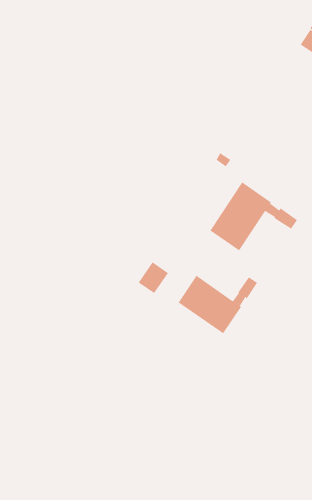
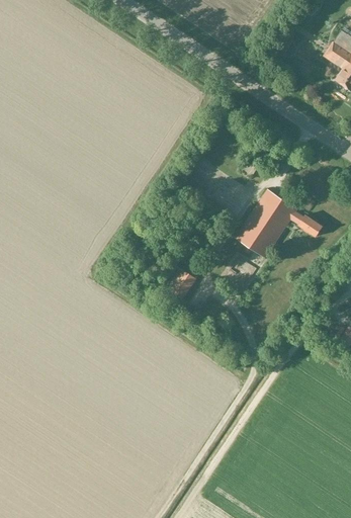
building: [178,275,258,334] -> none

